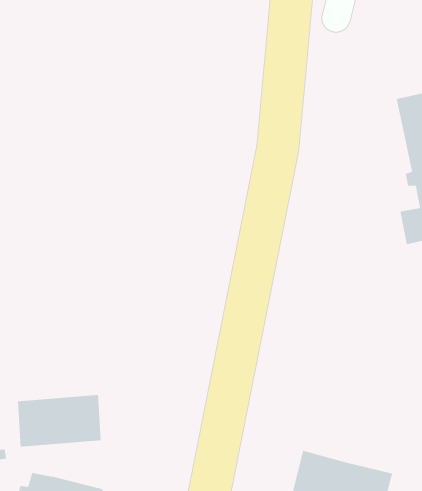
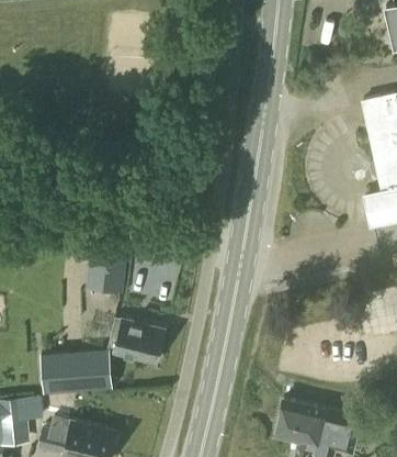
building: none -> [86,258,126,296]
building: none -> [107,320,163,365]

